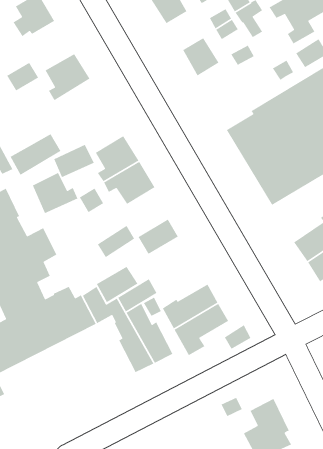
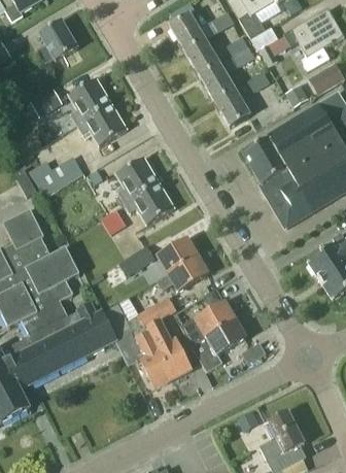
building: none -> [184,38,220,75]
building: none -> [214,88,250,126]
building: none -> [76,103,127,146]
building: [32,172,79,214] -> none
building: [96,266,138,303] -> [167,256,208,292]

